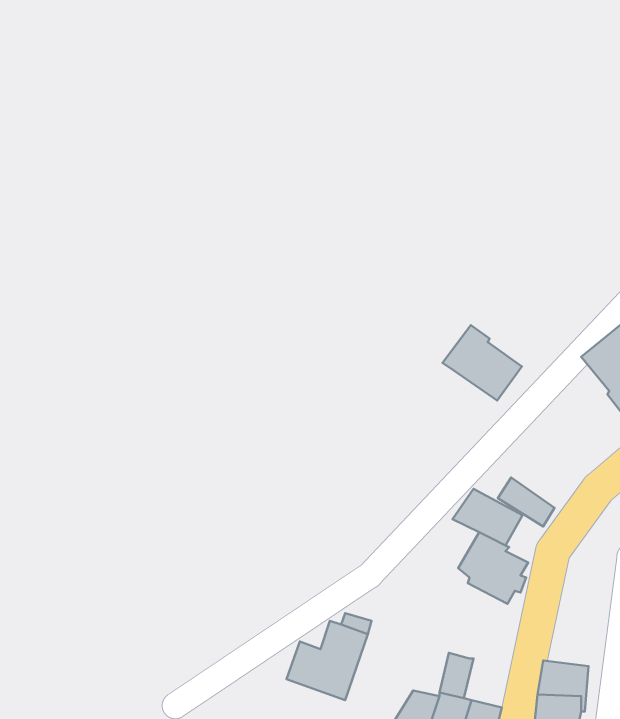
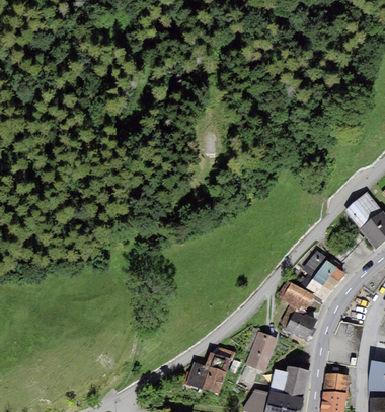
building: [442,325,522,401] -> [302,251,344,291]
building: none -> [245,332,278,372]
building: none -> [283,366,310,399]

